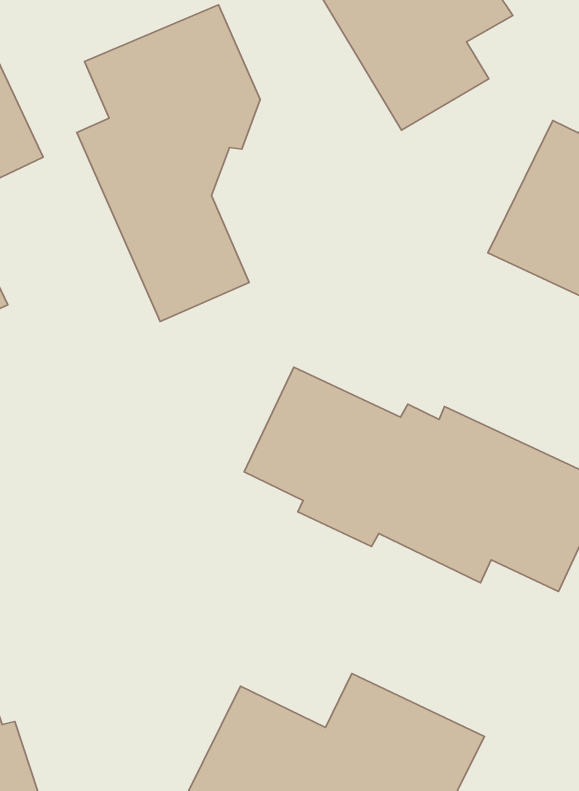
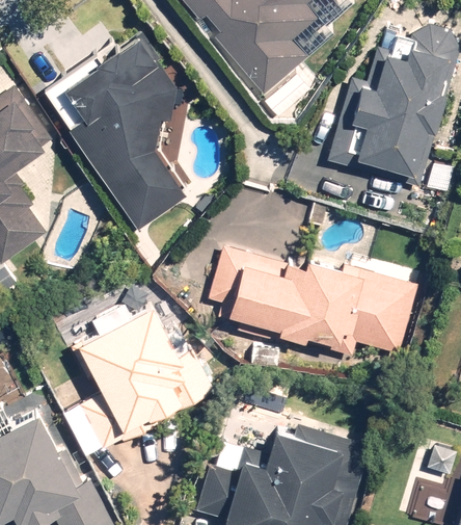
building: none -> [71,300,216,451]

